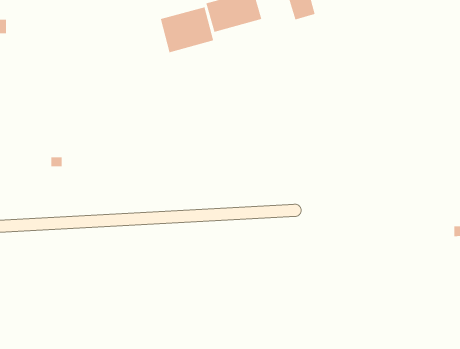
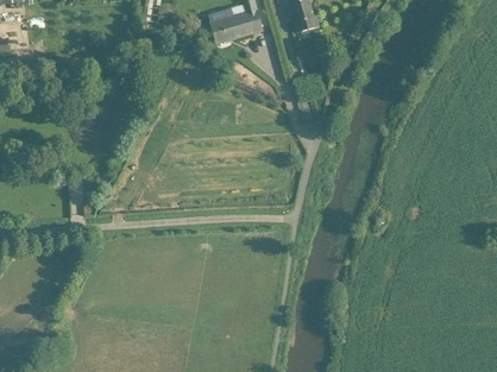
building: [160,6,214,53] -> none

